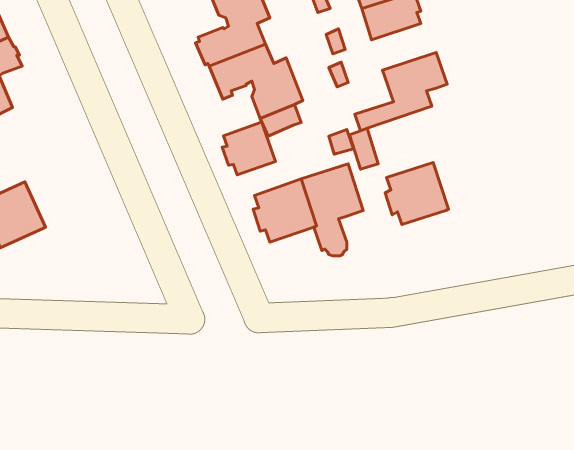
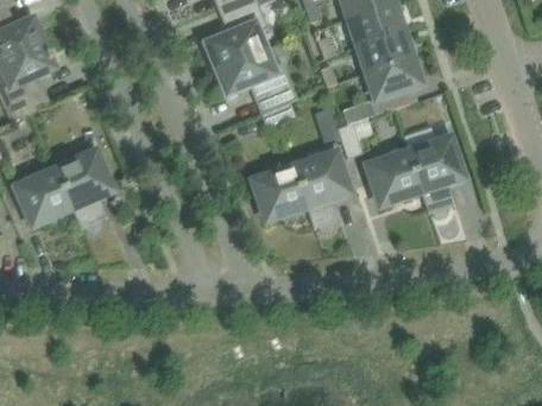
building: none -> [357,28,411,69]
building: [222,123,275,175] -> none
building: none -> [410,135,464,215]
building: none -> [57,148,113,229]

